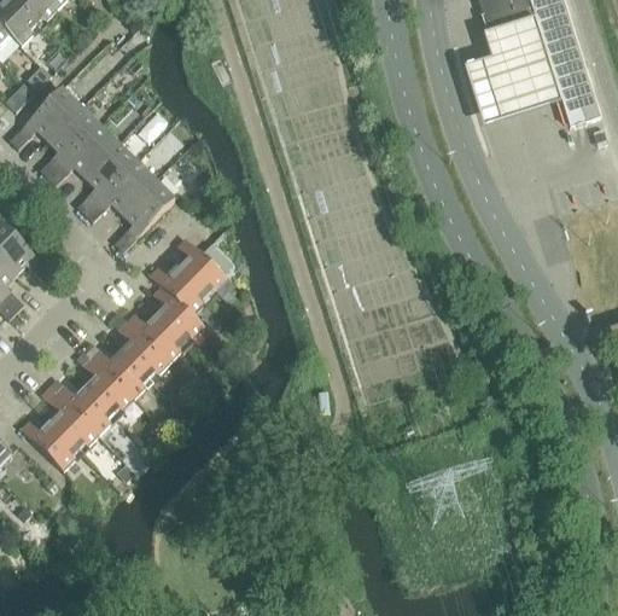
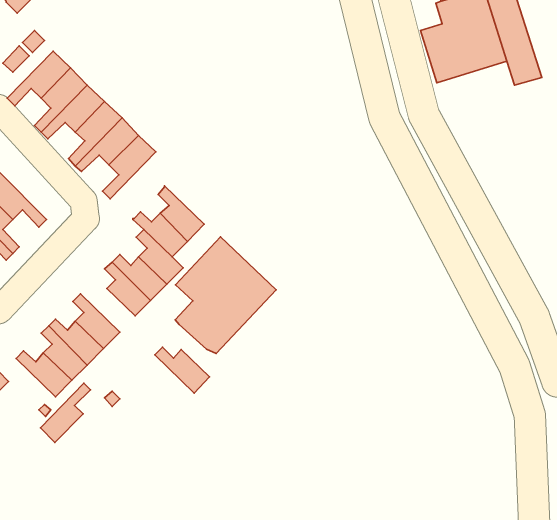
building: none -> [175,237,276,353]
building: [89,347,150,397] -> [155,347,210,393]
building: none -> [40,383,91,443]

